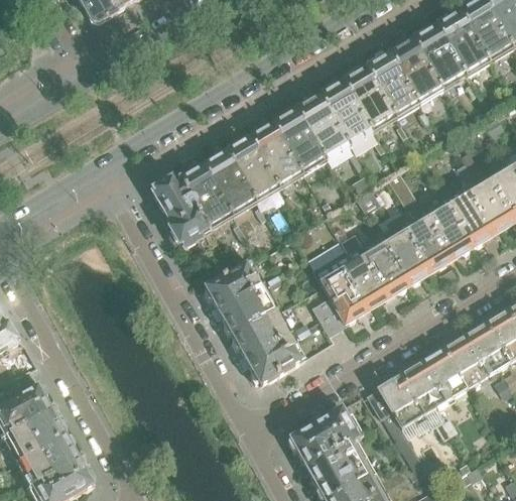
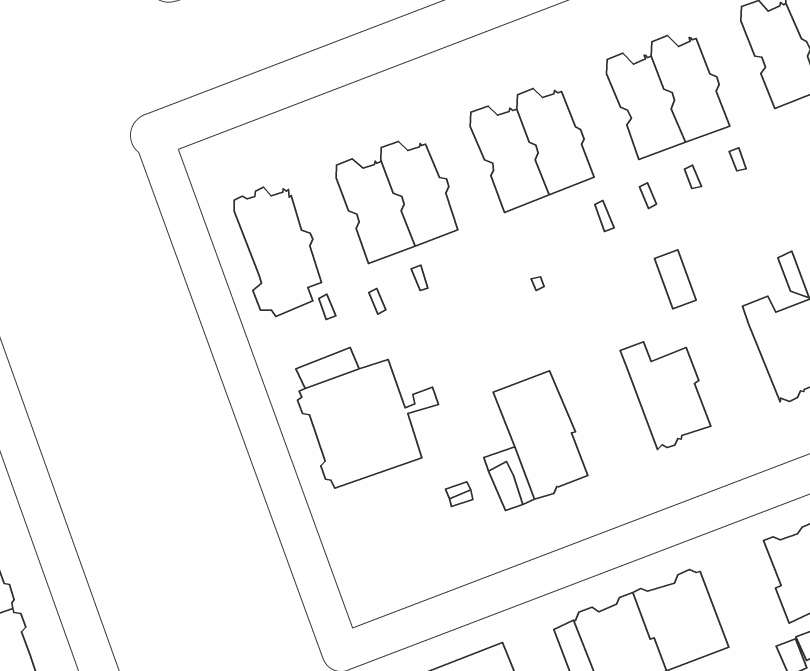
building: [390,39,441,99] -> none
building: [320,82,371,140] -> none
building: [250,124,301,182] -> none
building: [180,165,231,225] -> none
building: [406,207,473,267] -> none
building: [342,244,409,306] -> none
building: [233,312,305,383] -> none
building: [444,326,499,388] -> none

